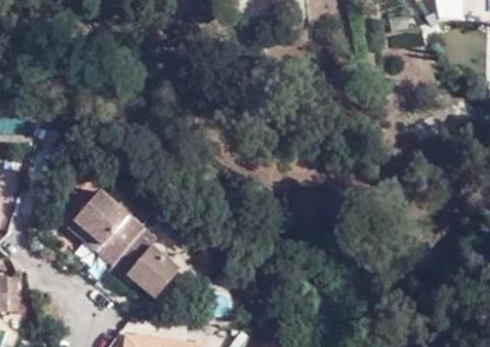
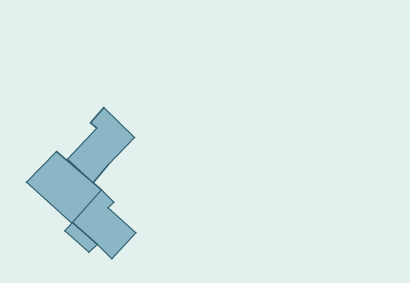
building: none -> [67,108,135,183]

